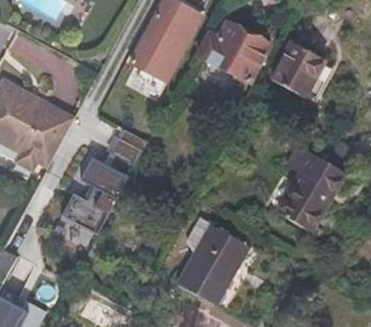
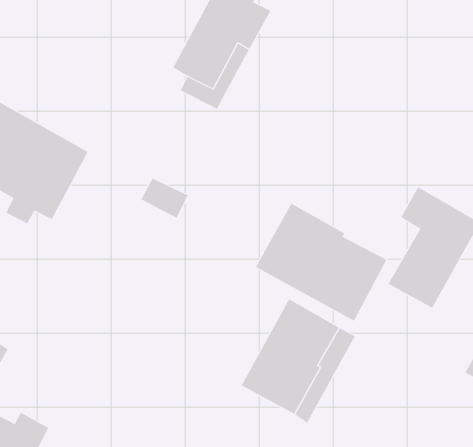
building: [197,20,271,82] -> none
building: [273,41,334,98] -> none
building: none -> [255,203,387,322]
building: [61,160,127,235] -> none

